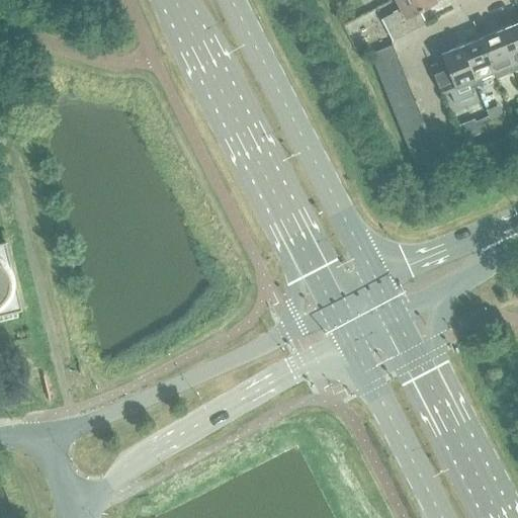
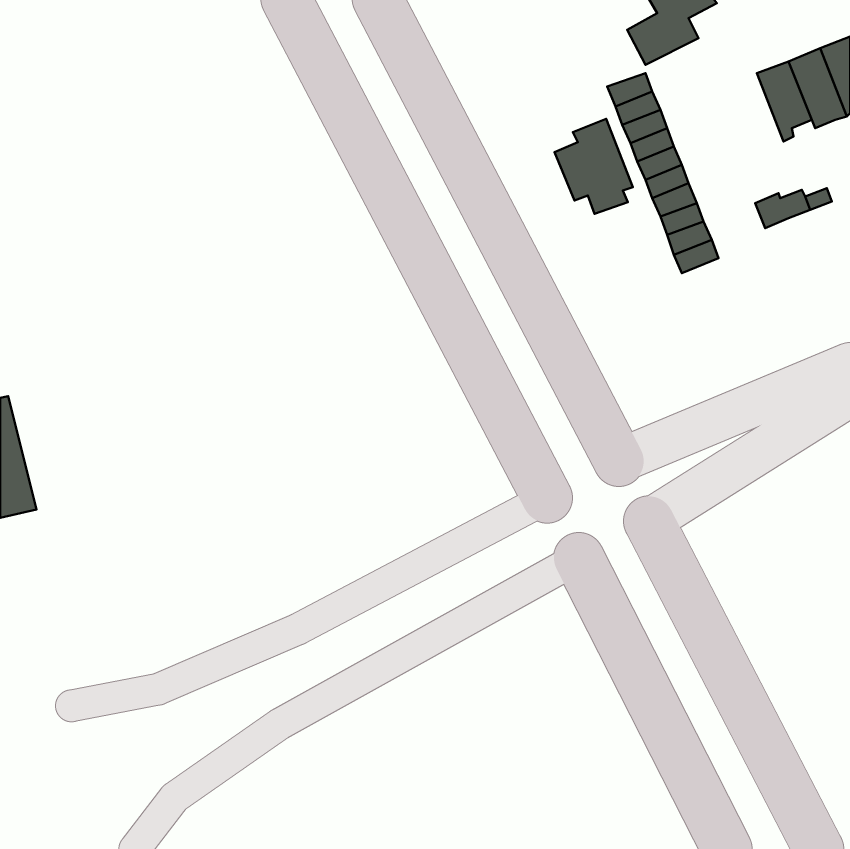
building: [429,45,477,102] -> [555,119,633,214]

